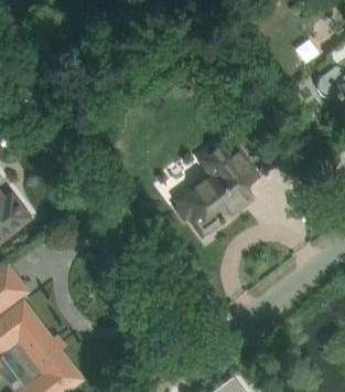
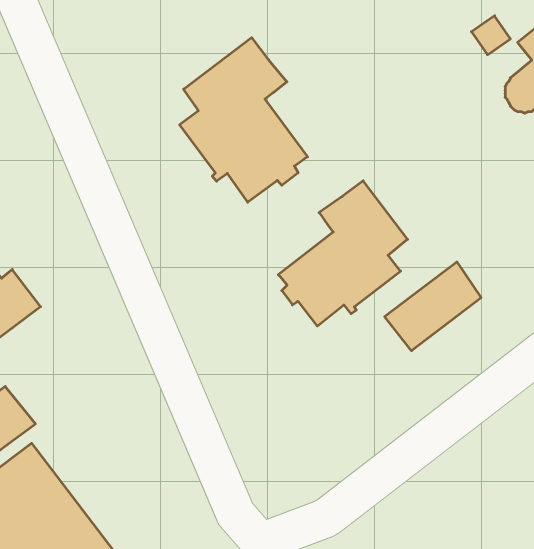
building: none -> [180,38,308,202]
building: none -> [385,262,481,351]

